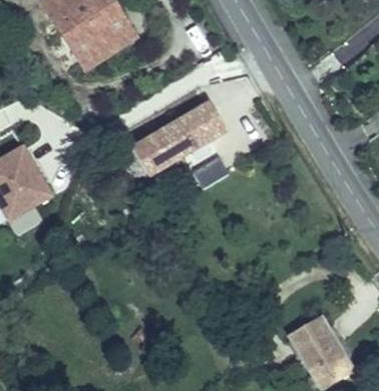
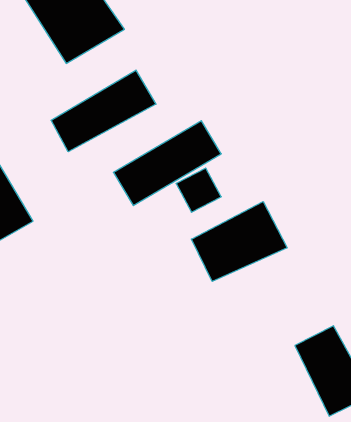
building: none -> [51,70,156,152]
building: none -> [191,202,287,281]

